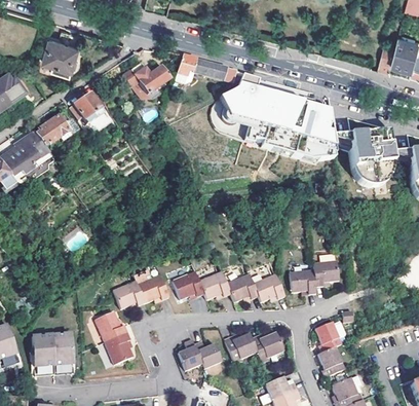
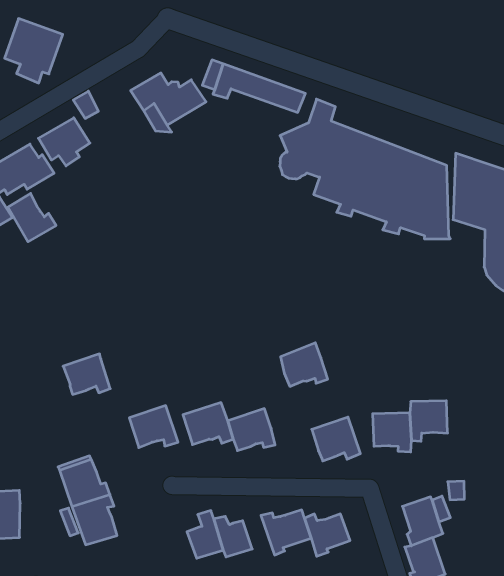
building: none -> [8,193,56,242]
building: [228,272,259,301] -> [281,343,328,386]
building: [114,279,145,305] -> [63,354,110,394]

